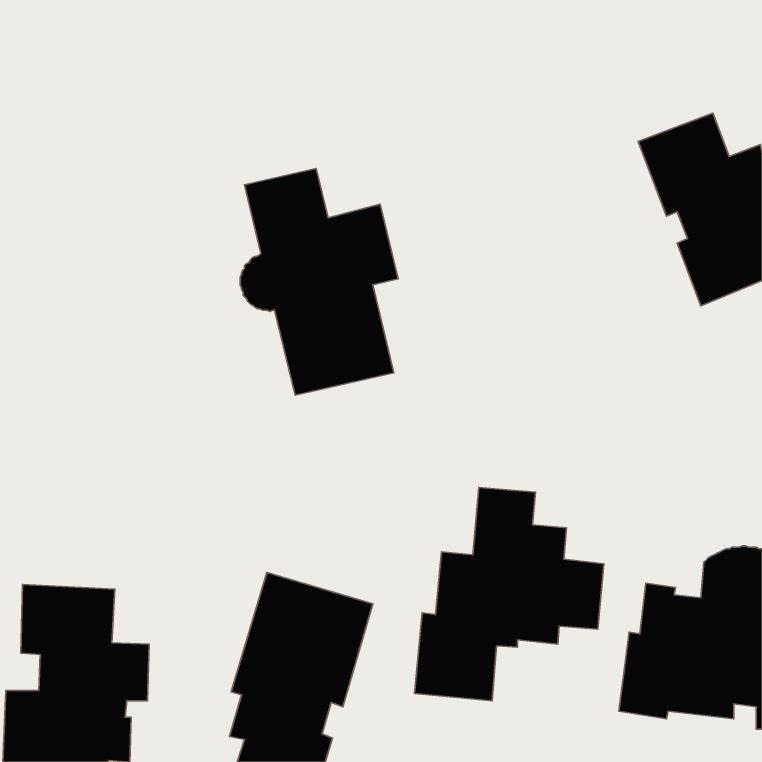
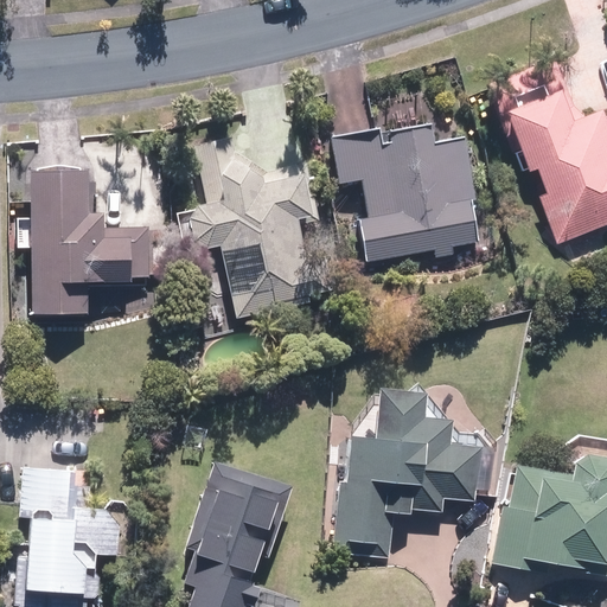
building: none -> [331,130,480,261]
building: none -> [18,171,152,313]

